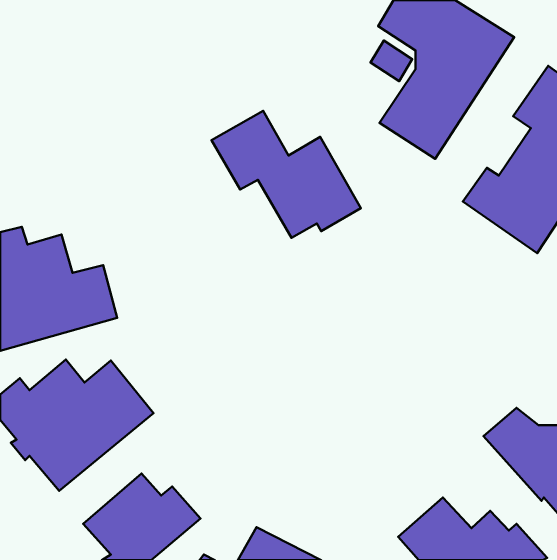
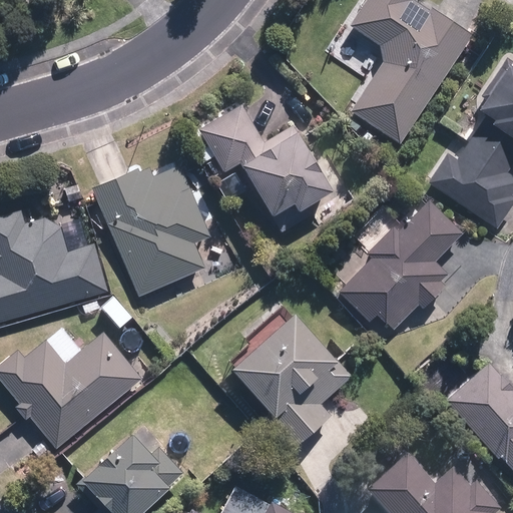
building: none -> [94,162,212,299]
building: none -> [339,201,462,330]
building: none -> [229,311,352,449]

